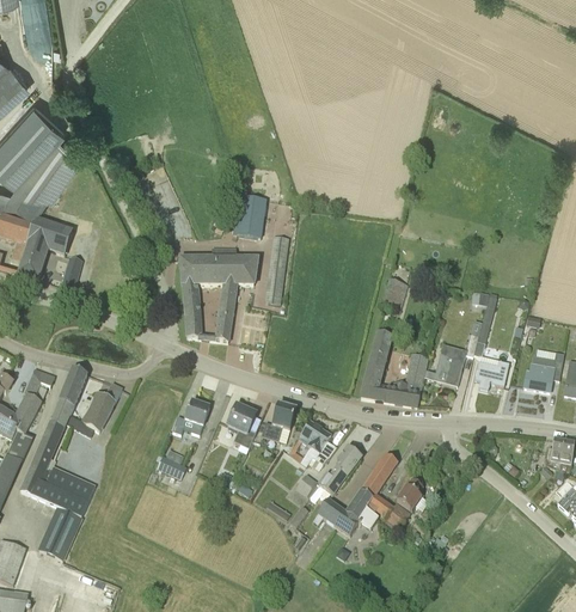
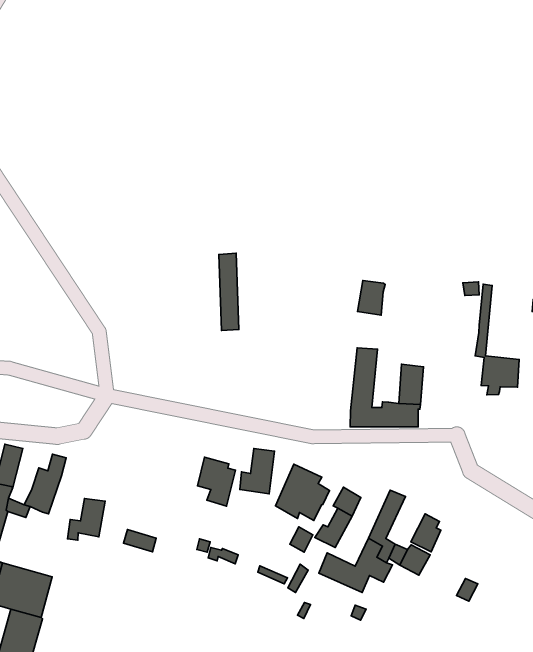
building: [237,195,266,237] -> none
building: [180,246,259,342] -> none
building: [435,326,480,382] -> none
building: [173,400,209,434] -> [67,499,105,540]

